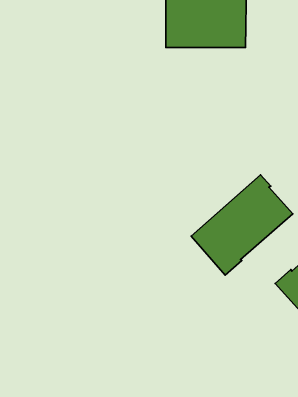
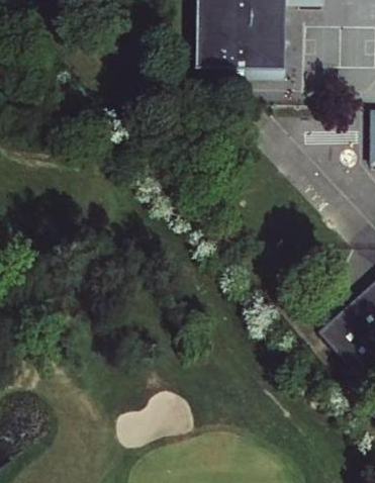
building: [191,175,293,275] -> none

